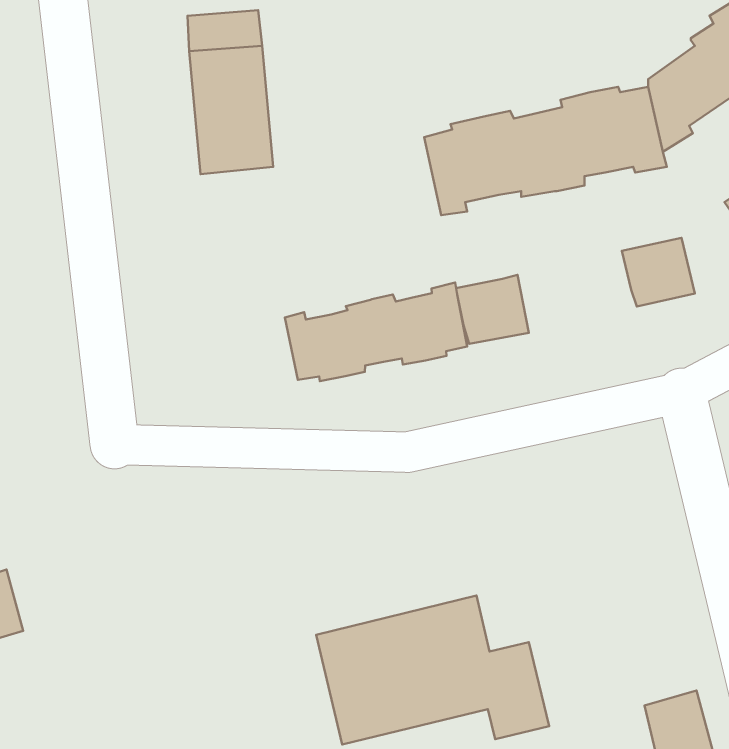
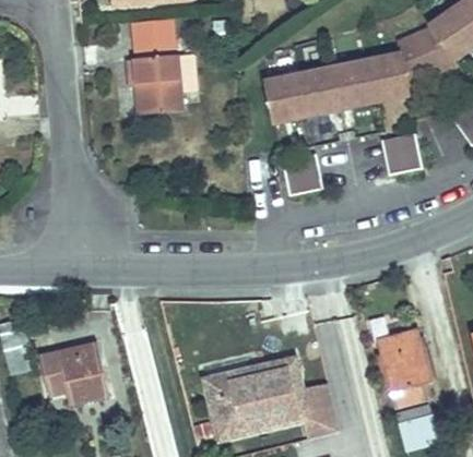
building: [285,283,467,381] -> none
building: none -> [375,327,430,406]
building: none -> [37,338,109,398]

